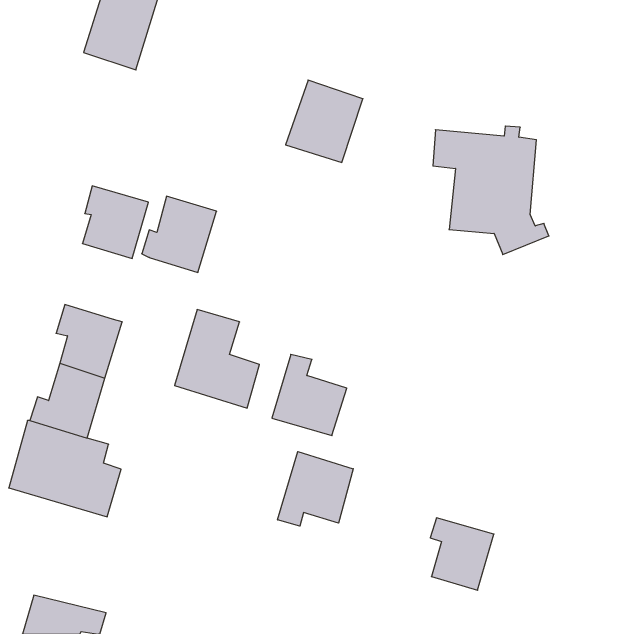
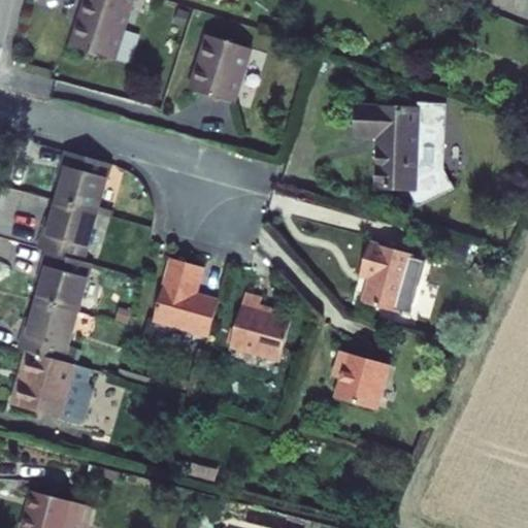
building: [286,80,363,162] -> [185,31,249,99]
building: [142,196,217,272] -> [47,201,109,264]
building: none -> [360,242,428,317]
building: [278,452,353,526] -> none
building: [430,518,494,590] -> [334,348,387,407]

